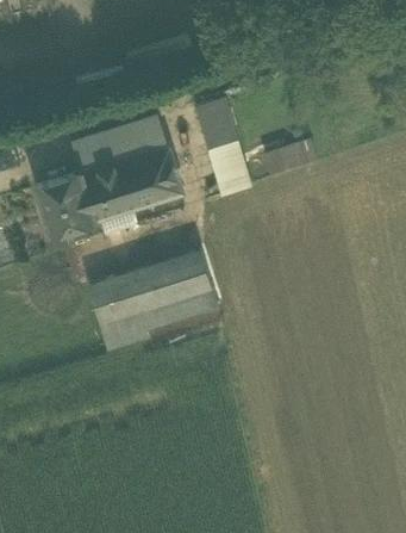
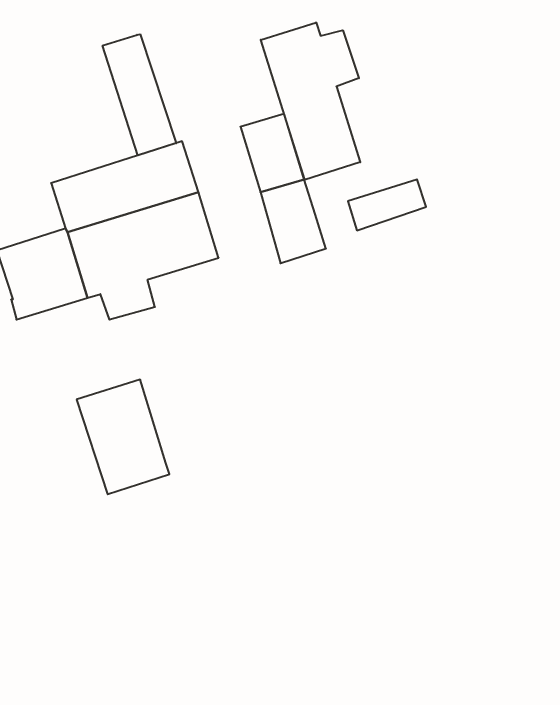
building: none -> [261,22,360,180]
building: none -> [103,34,176,155]
building: [130,249,218,326] -> none

